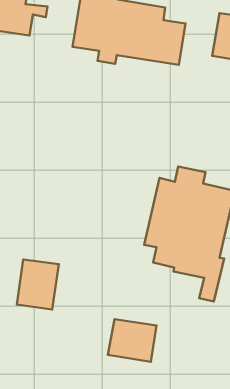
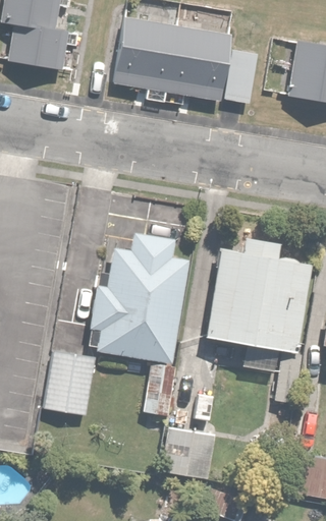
building: none -> [88,223,185,413]

